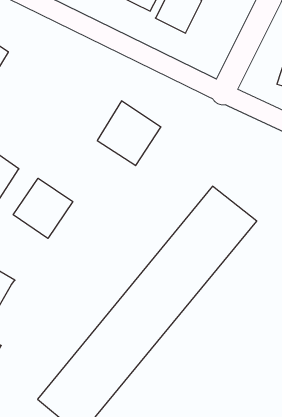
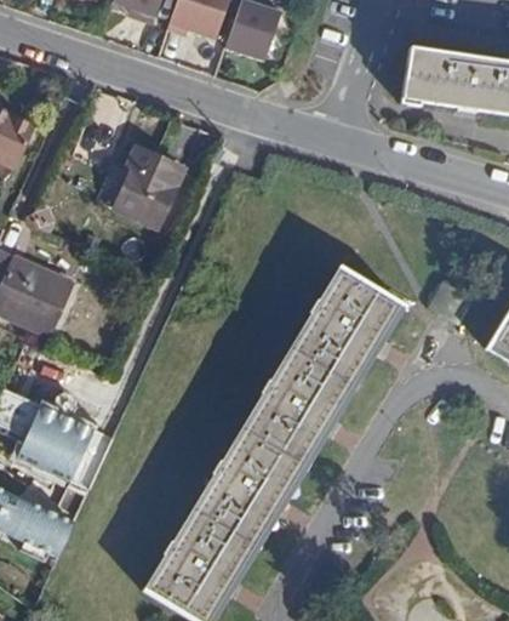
building: [97,101,161,166] -> [101,139,184,224]
building: [13,178,73,238] -> none

